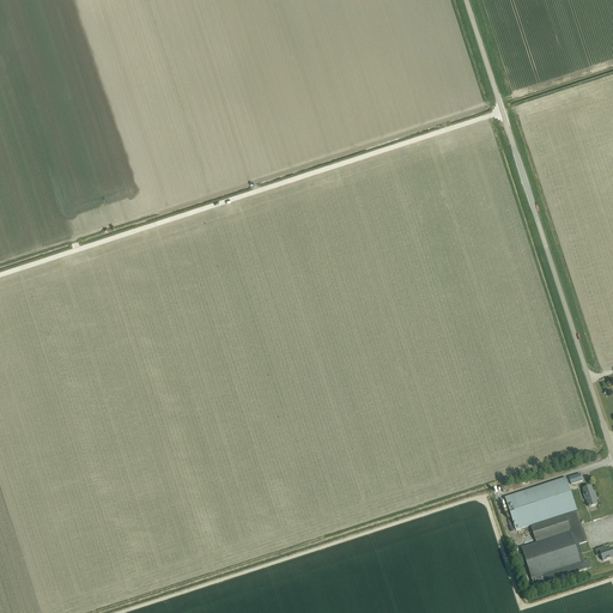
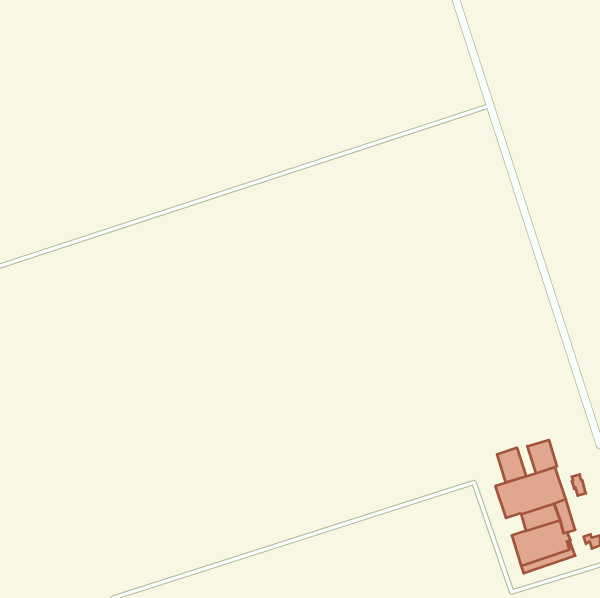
building: none -> [527,440,557,473]
building: none -> [497,448,526,482]

